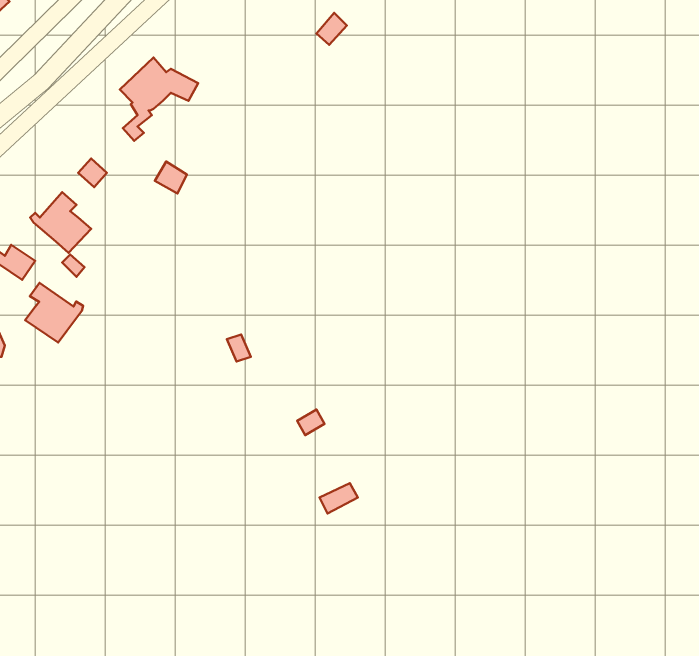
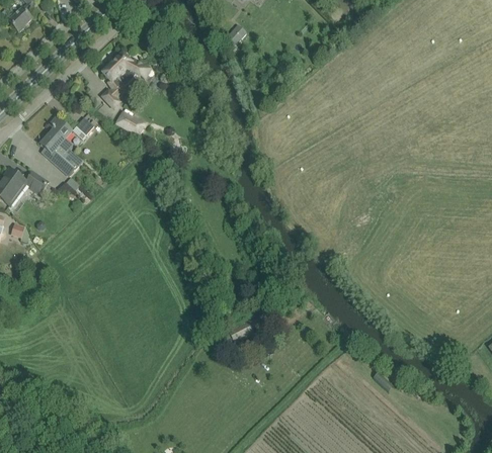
building: none -> [38,116,70,153]
building: [25,283,83,342] -> none

